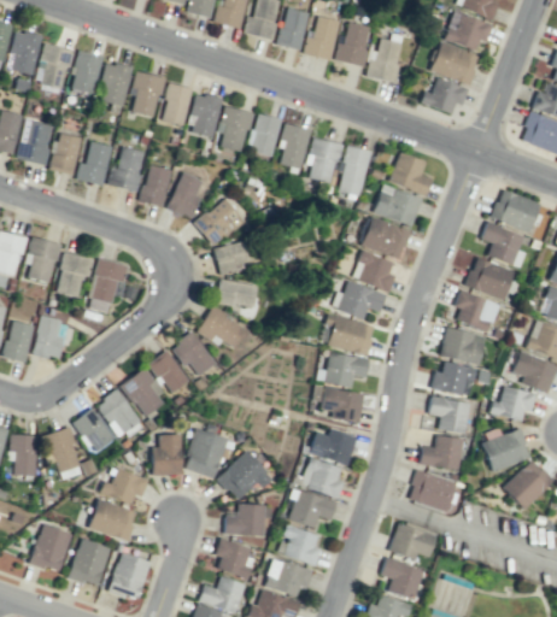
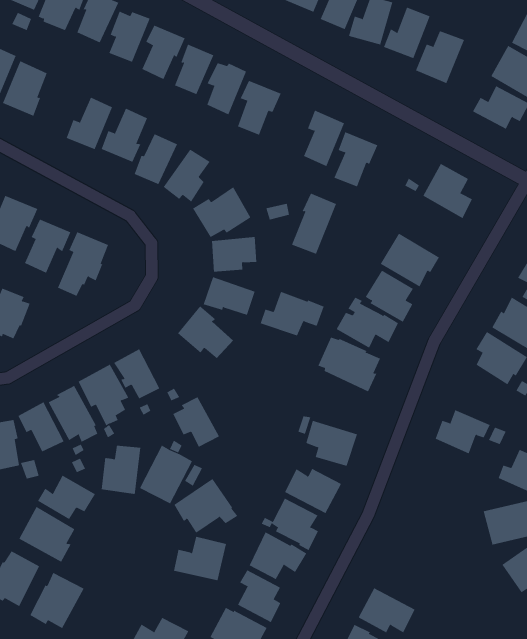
building: [252,113,282,157] -> none
building: [48,134,81,175] -> none
building: [338,146,371,198] -> [291,193,337,254]
building: [373,184,422,227] -> none
building: [439,327,486,365] -> none
building: [171,331,215,375] -> [172,397,220,447]
building: [316,352,369,388] -> [260,291,325,336]
building: [428,396,470,434] -> none
building: [420,435,464,470] -> none
building: [409,469,456,512] -> none
building: [215,537,252,580] -> none

